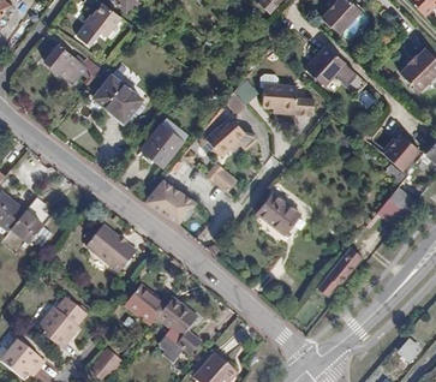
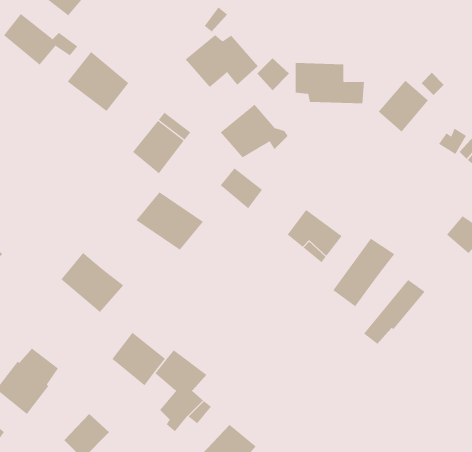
building: [307,47,346,86] -> [378,80,429,132]
building: none -> [185,34,258,88]
building: none -> [332,238,395,307]

